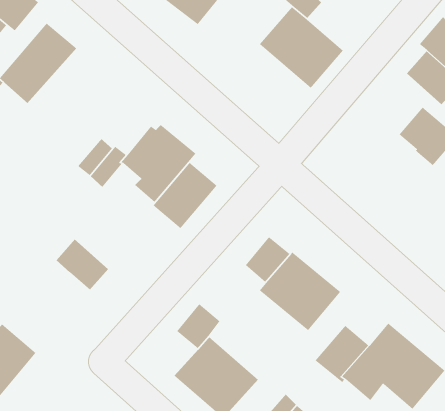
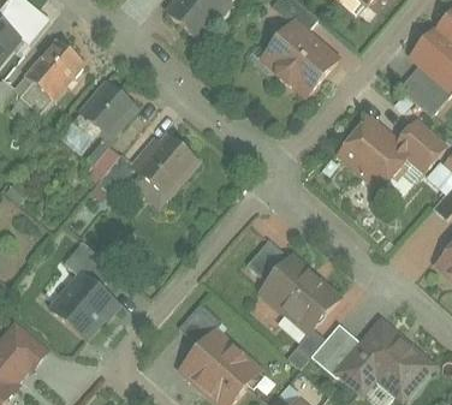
building: none -> [76,81,137,141]
building: none -> [331,117,406,191]
building: [153,162,217,229] -> none
building: none -> [48,273,117,340]

